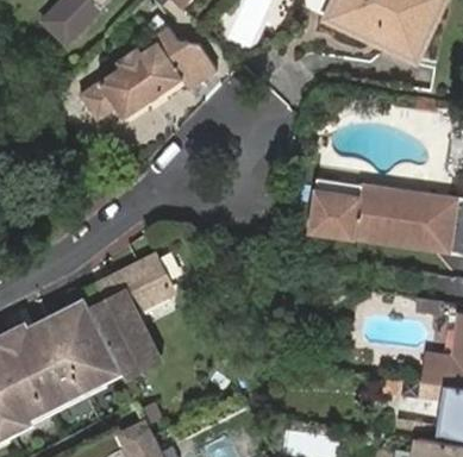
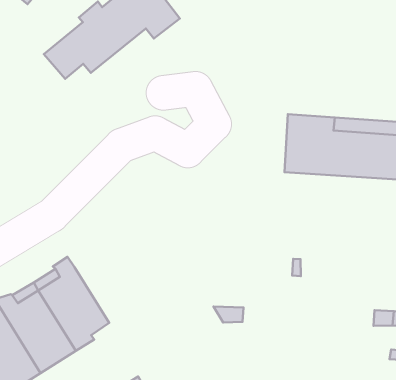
building: [90,253,171,377] -> none

